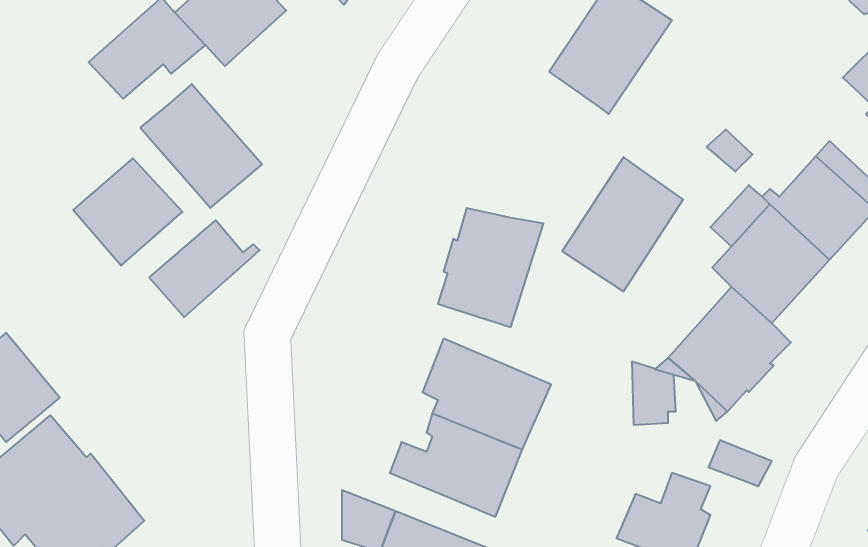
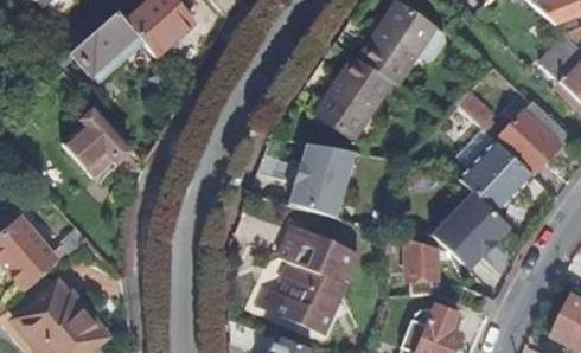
building: [140,84,262,208] -> none
building: [562,157,683,291] -> [315,54,390,137]
building: [149,220,260,317] -> none

